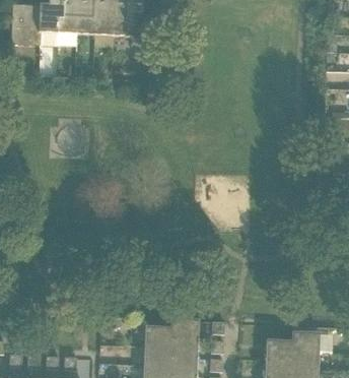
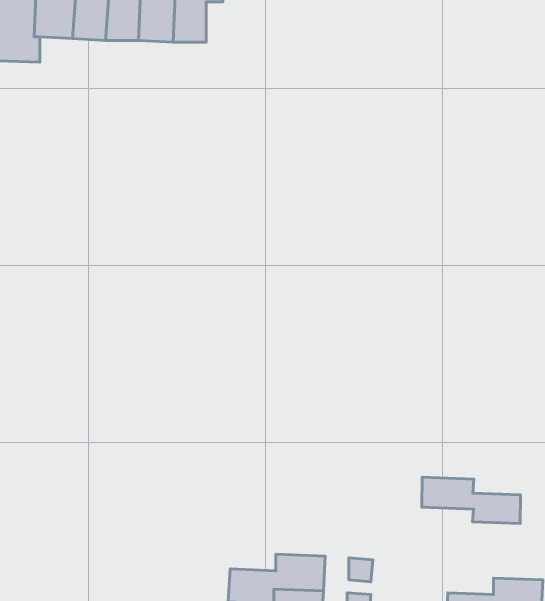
building: none -> [422,477,521,523]

